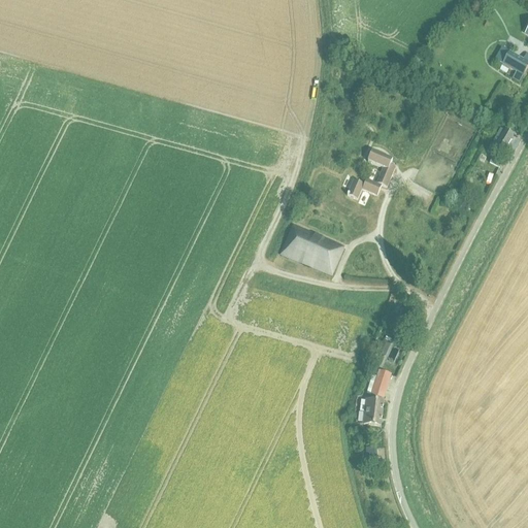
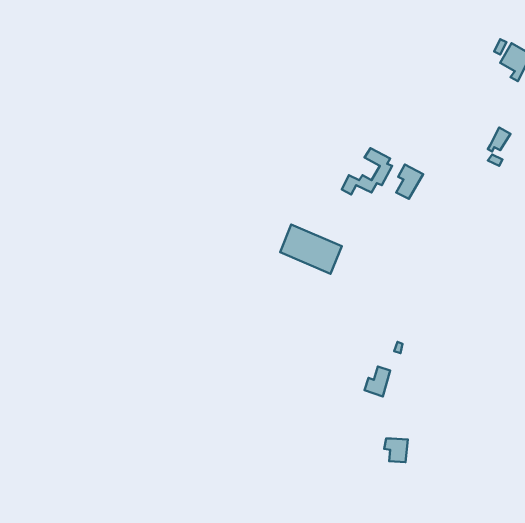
building: none -> [396,165,423,199]
building: [360,399,384,423] -> [384,438,408,462]

